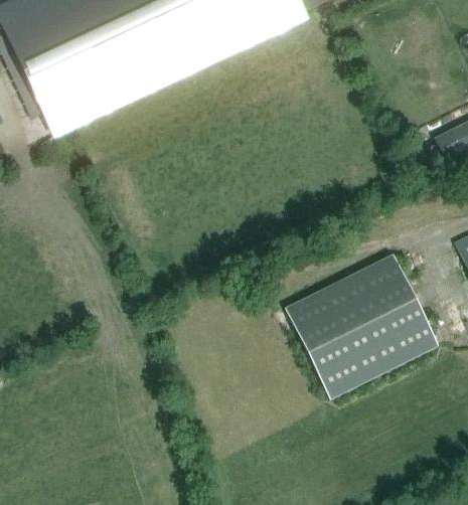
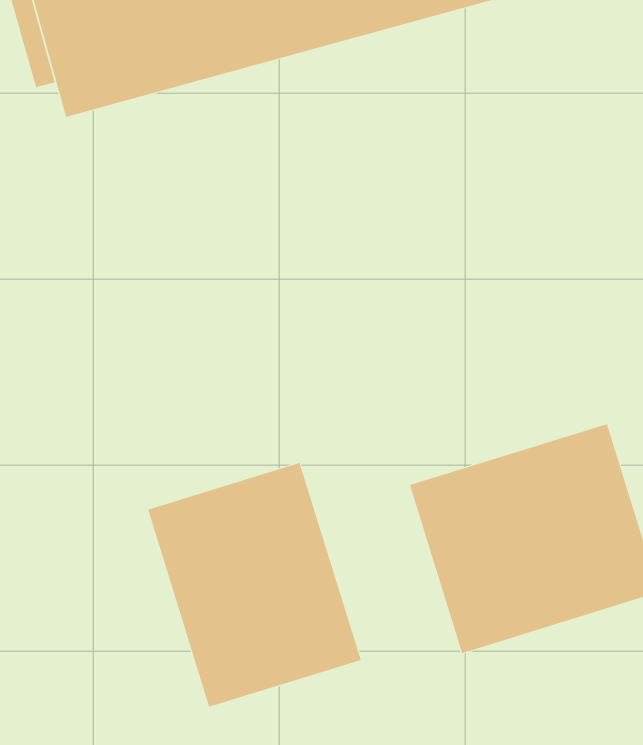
building: none -> [148,462,361,707]

